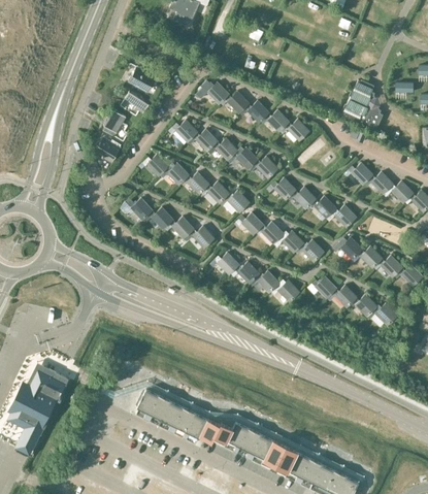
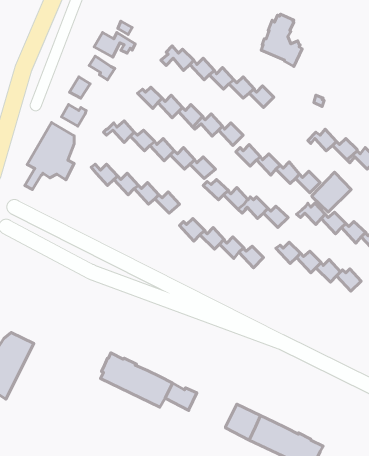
building: [341,78,383,131] -> [261,14,302,66]
building: none -> [25,123,74,190]
building: none -> [312,172,351,212]
building: [224,420,272,462] -> none

